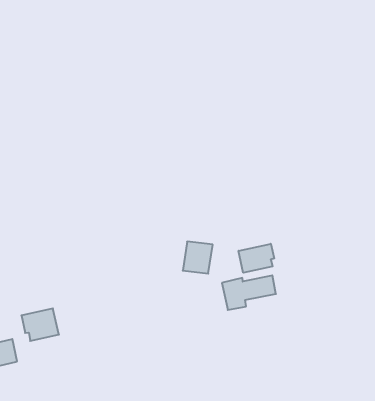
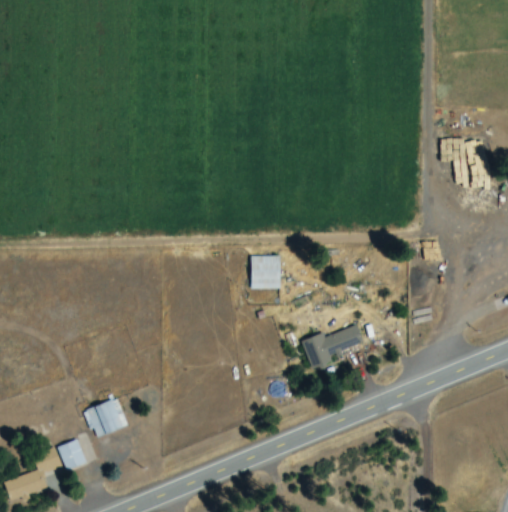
building: [183,242,213,274] -> [251,255,280,289]
building: [239,244,274,273] -> none

